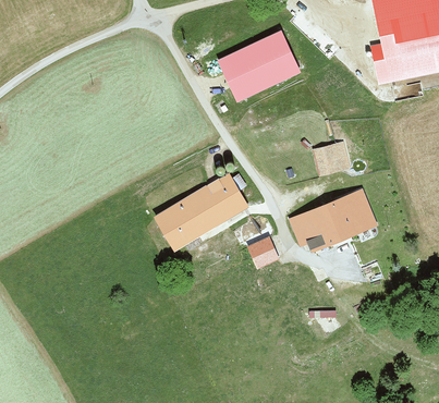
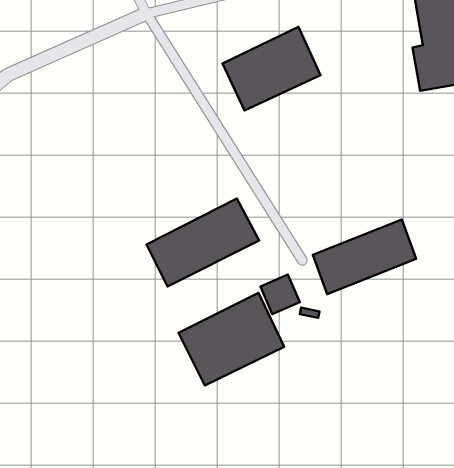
building: [314,142,353,175] -> none
building: none -> [179,293,284,386]

